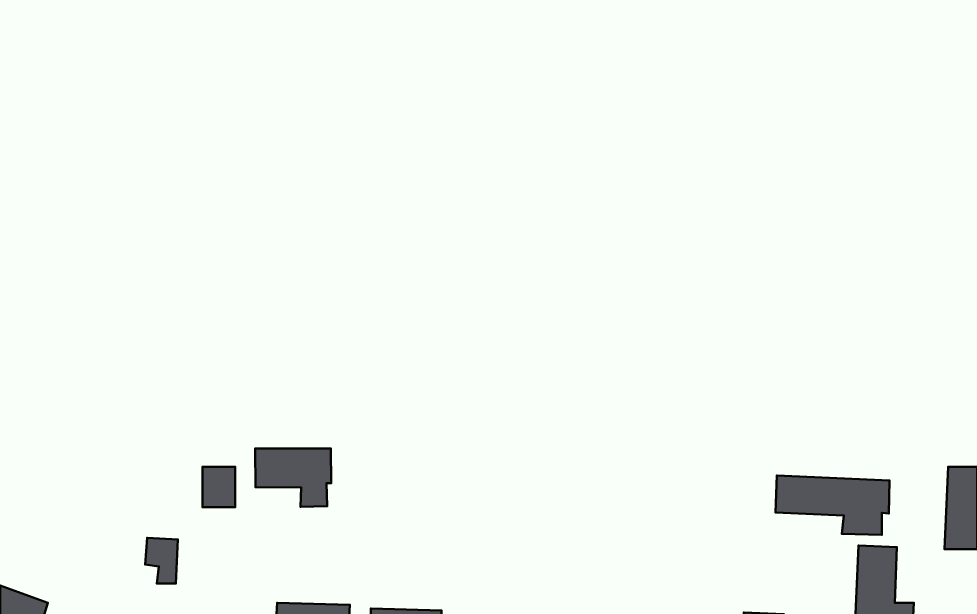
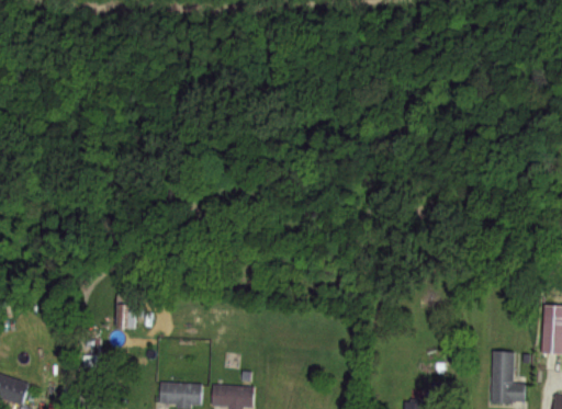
building: [255,449,331,507] -> none
building: [776,476,890,535] -> none

